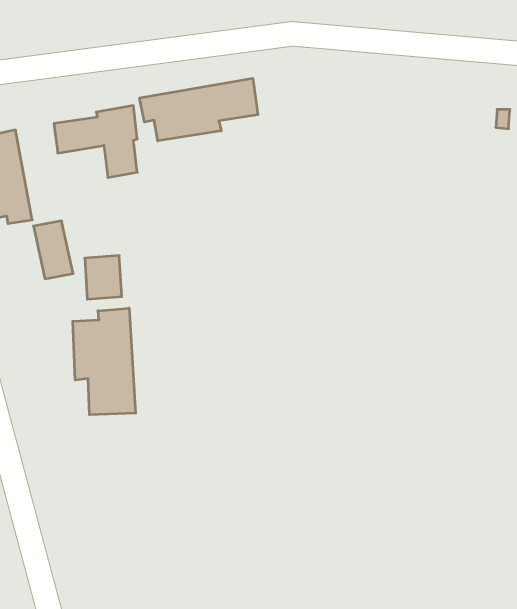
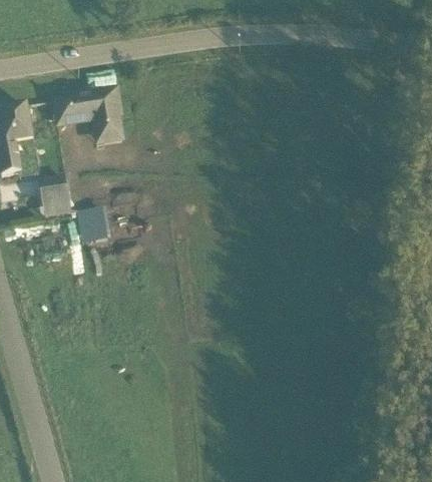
building: [140,78,258,141] -> none
building: [73,308,136,415] -> none

